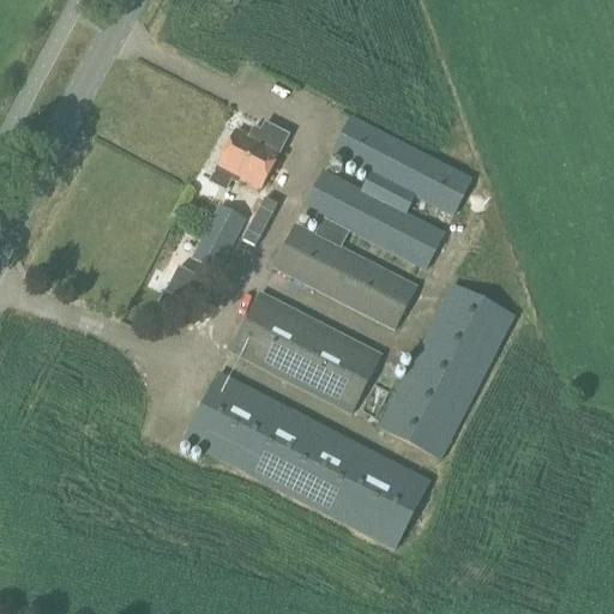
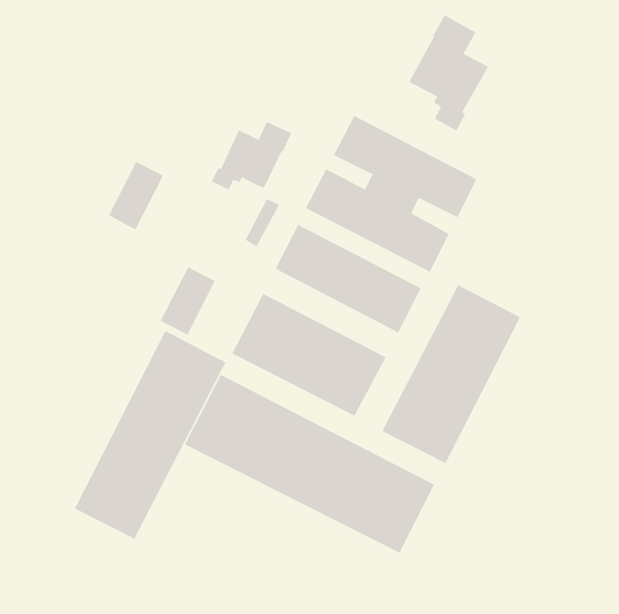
building: none -> [409,14,489,132]
building: [191,203,246,271] -> [108,161,164,230]
building: none -> [74,330,226,540]

